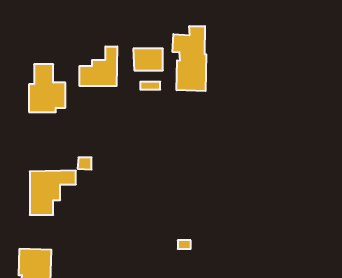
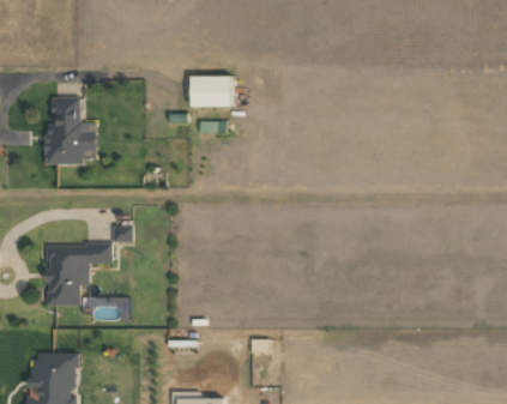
building: [173,26,206,91] -> none
building: [80,46,117,86] -> none

